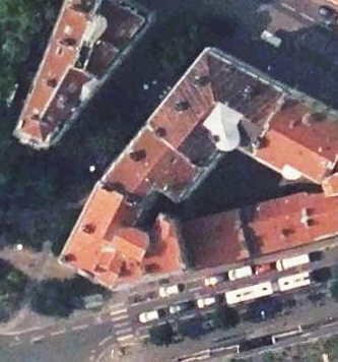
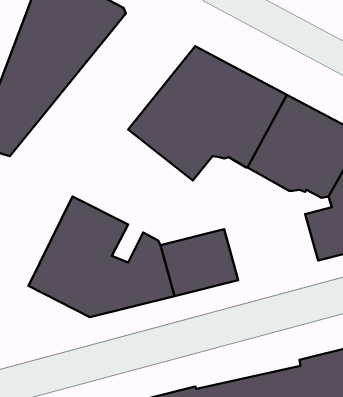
building: [100,122,205,205] -> none
building: [232,192,315,254] -> none

